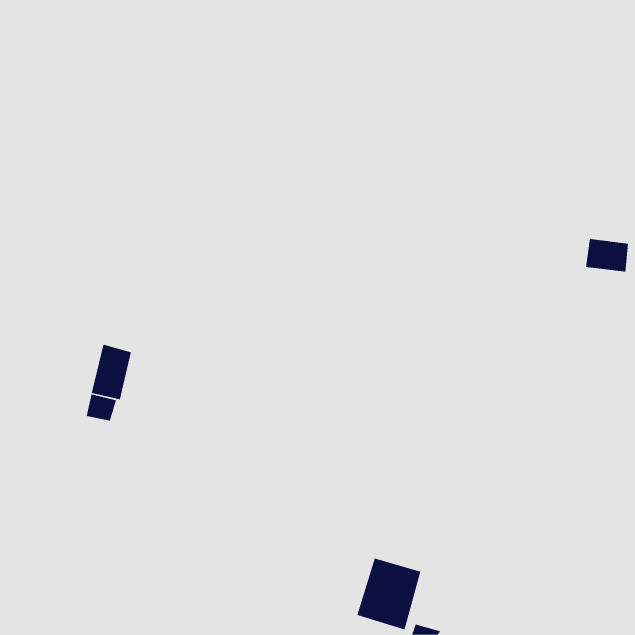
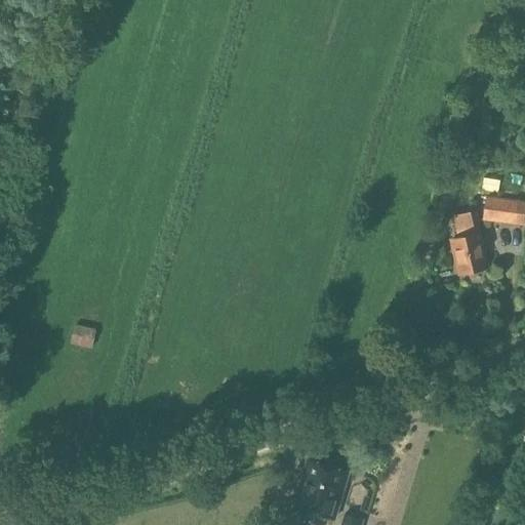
building: none -> [451,211,488,274]
building: [91,344,132,400] -> none

